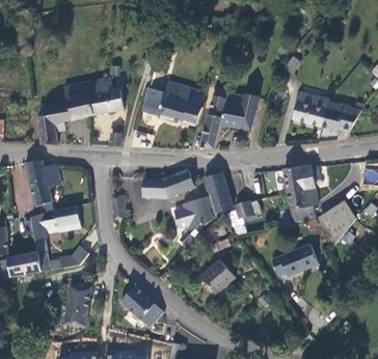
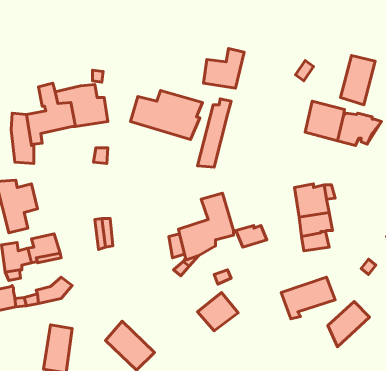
building: none -> [341,55,375,105]
building: [222,94,258,129] -> [203,49,244,88]
building: [142,169,193,196] -> none
building: [318,196,354,236] -> [328,302,370,347]

